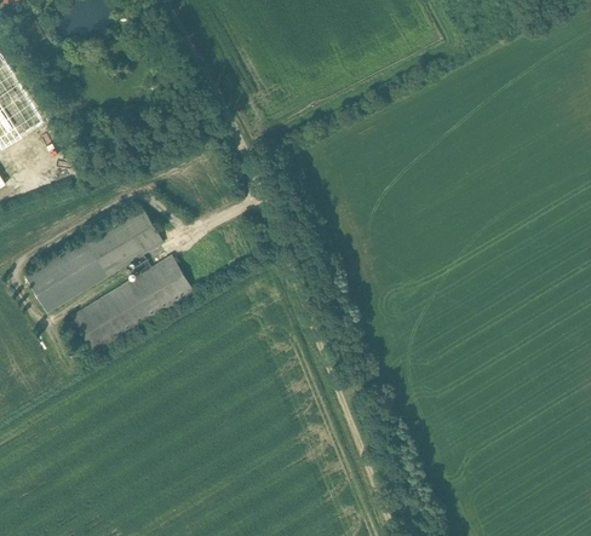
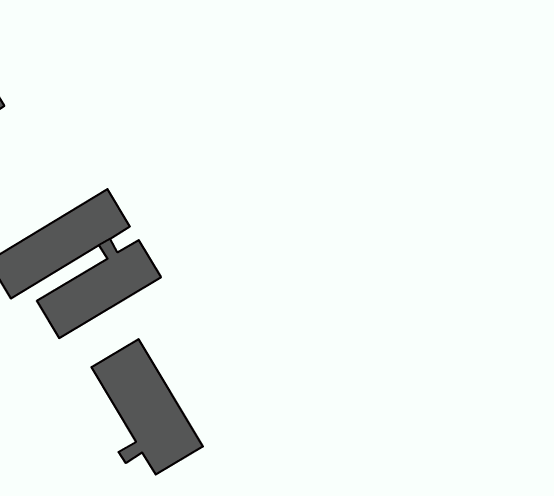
building: none -> [91,339,203,475]

